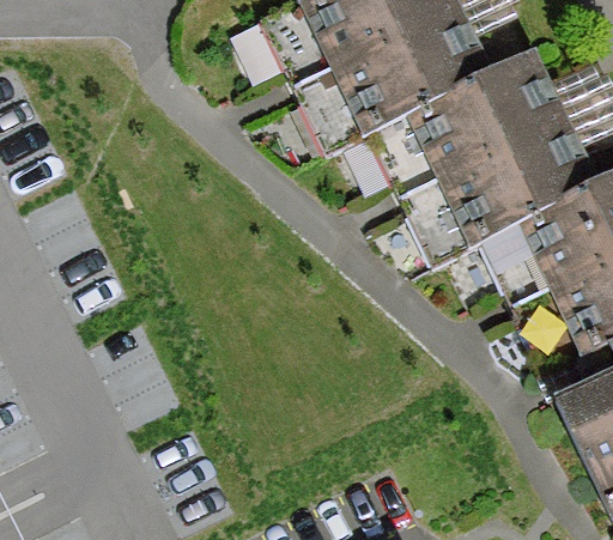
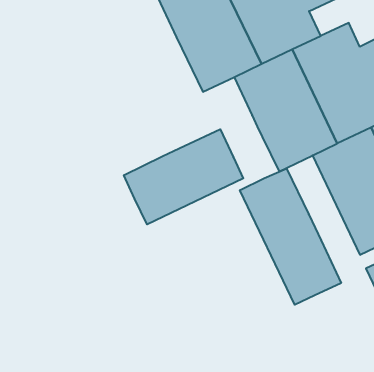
building: none -> [124,129,243,224]
building: none -> [240,168,341,305]

